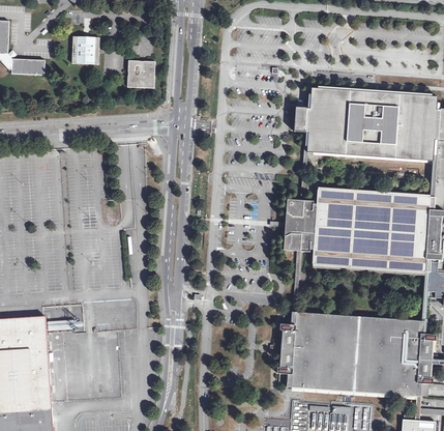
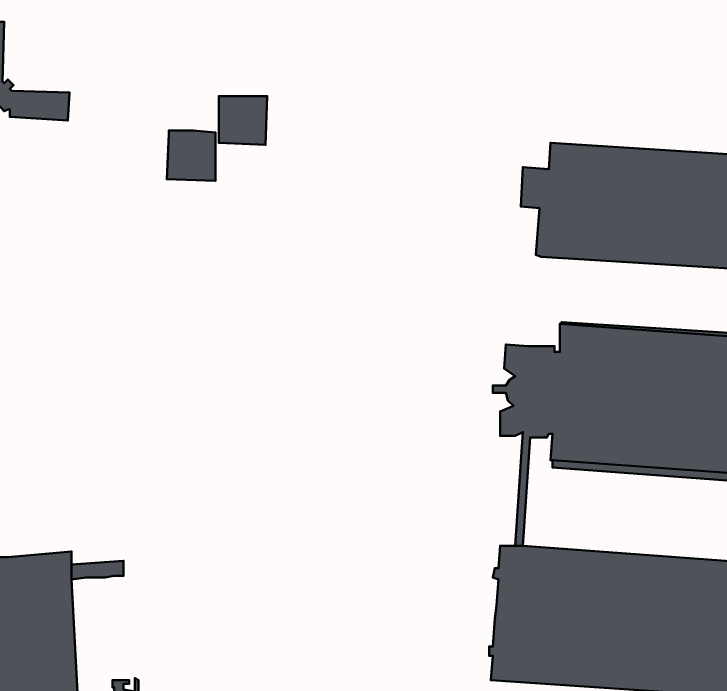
building: [71,36,98,64] -> [167,131,215,181]

